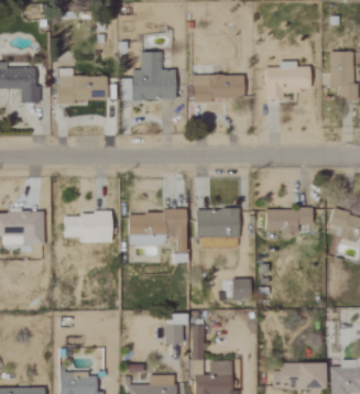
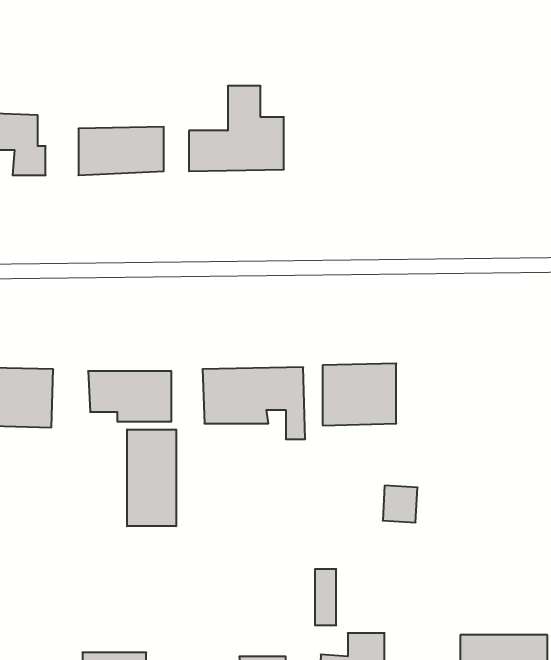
building: [264,62,309,100] -> none
building: [193,75,243,99] -> none
building: [265,208,312,233] -> none
building: none -> [127,429,176,526]
building: [164,316,184,344] -> none

